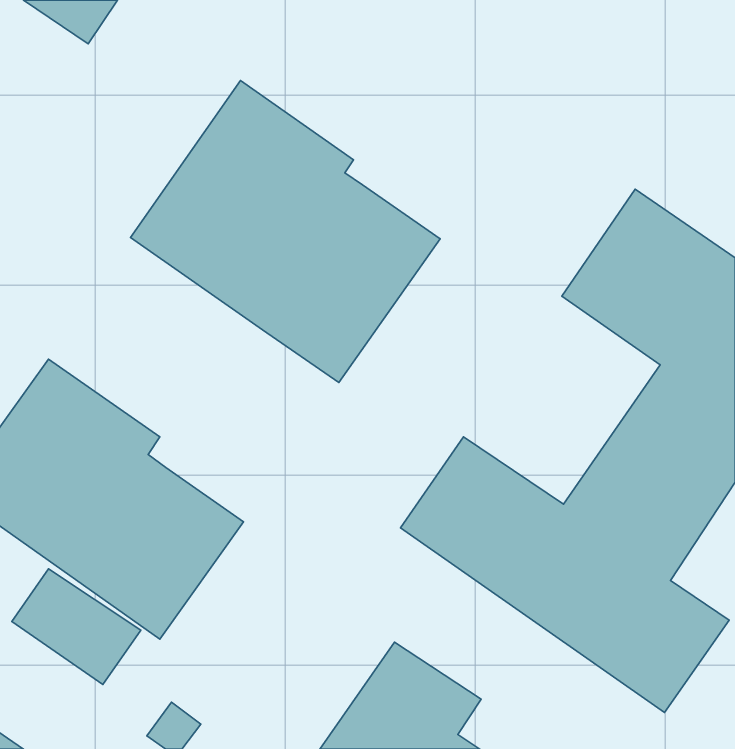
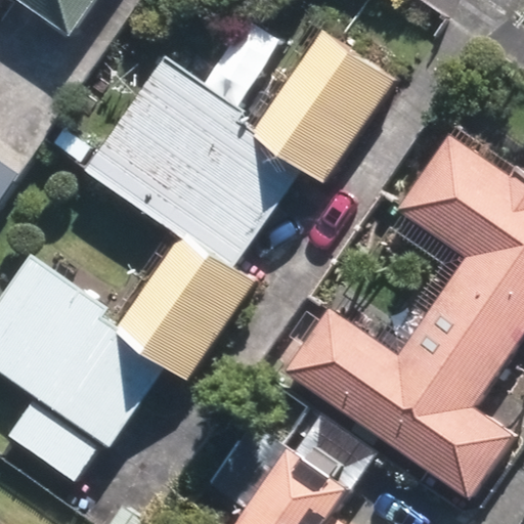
building: none -> [253,28,397,180]
building: none -> [116,230,256,377]

